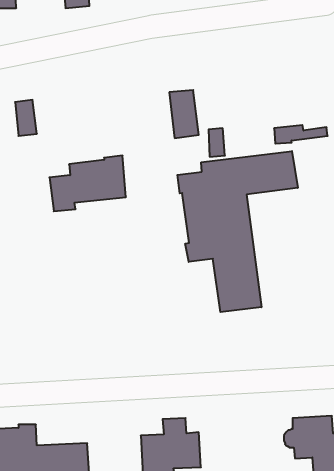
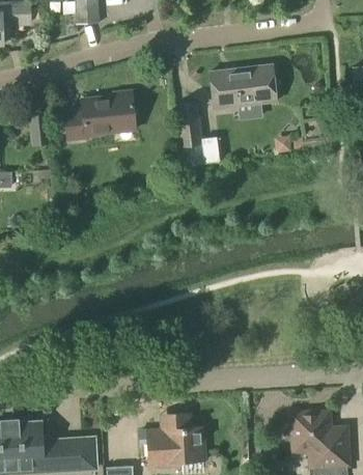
building: none -> [211,64,276,108]
building: [177,151,298,312] -> none
building: [49,156,126,211] -> [62,90,135,143]

